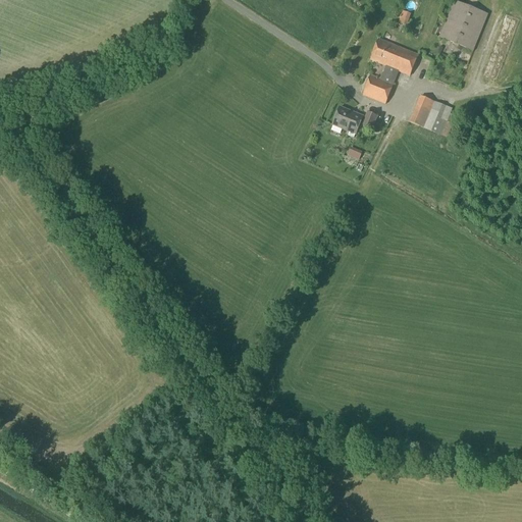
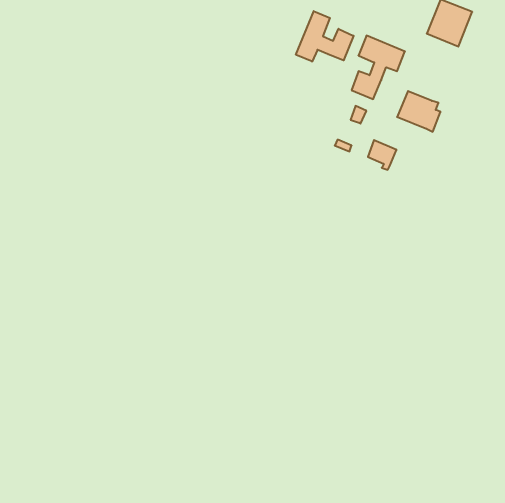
building: none -> [296,11,354,62]
building: [332,105,362,136] -> [368,140,397,170]

